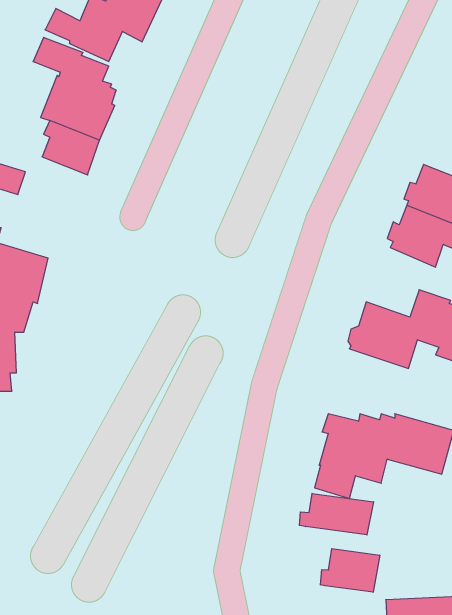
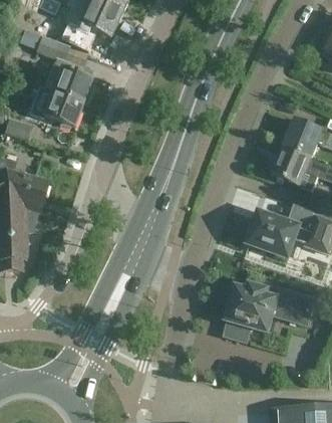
building: [299,493,374,535] -> none
building: [320,549,380,592] -> none

